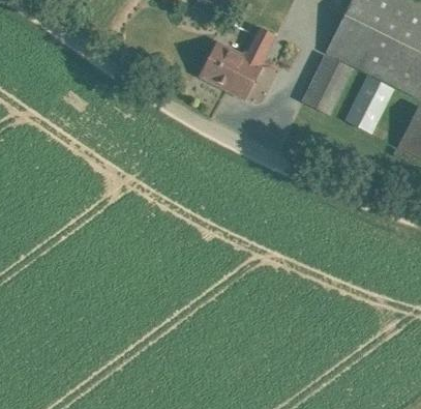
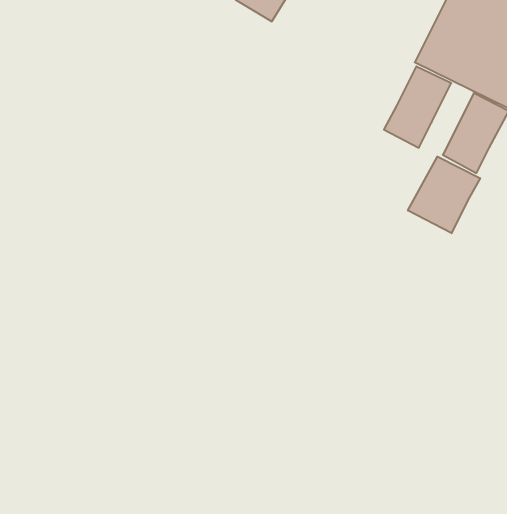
building: [199,26,274,99] -> none
building: none -> [408,157,480,233]

